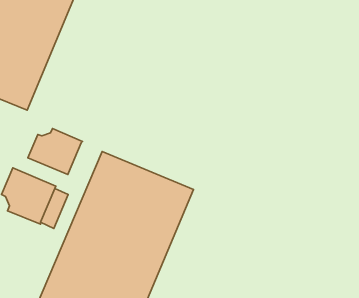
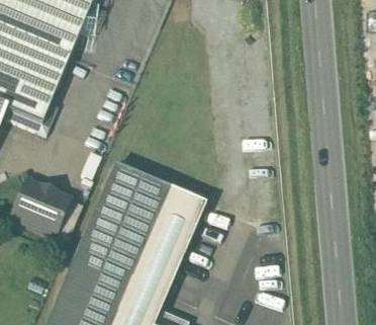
building: [28,128,83,175] -> none

